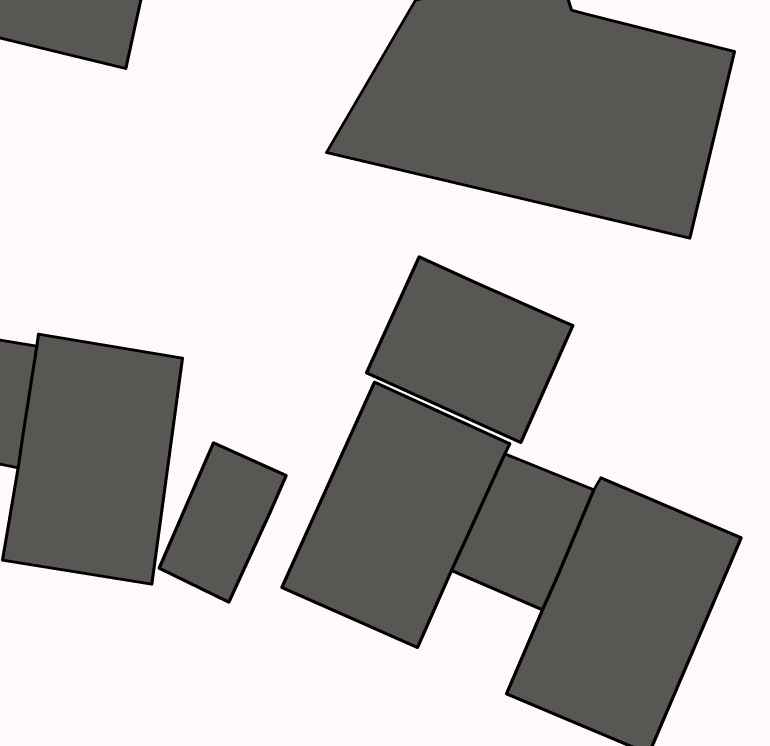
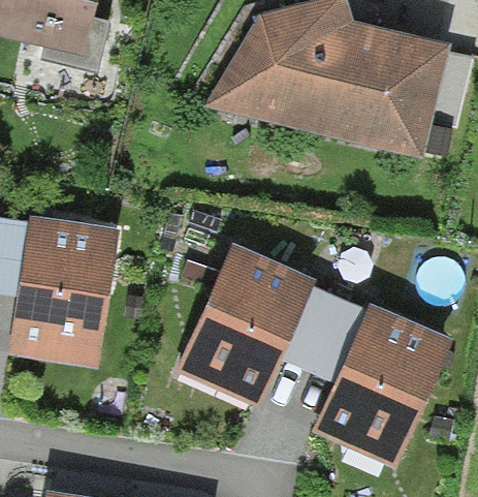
building: [366,257,573,442] -> none
building: [159,443,286,602] -> none

